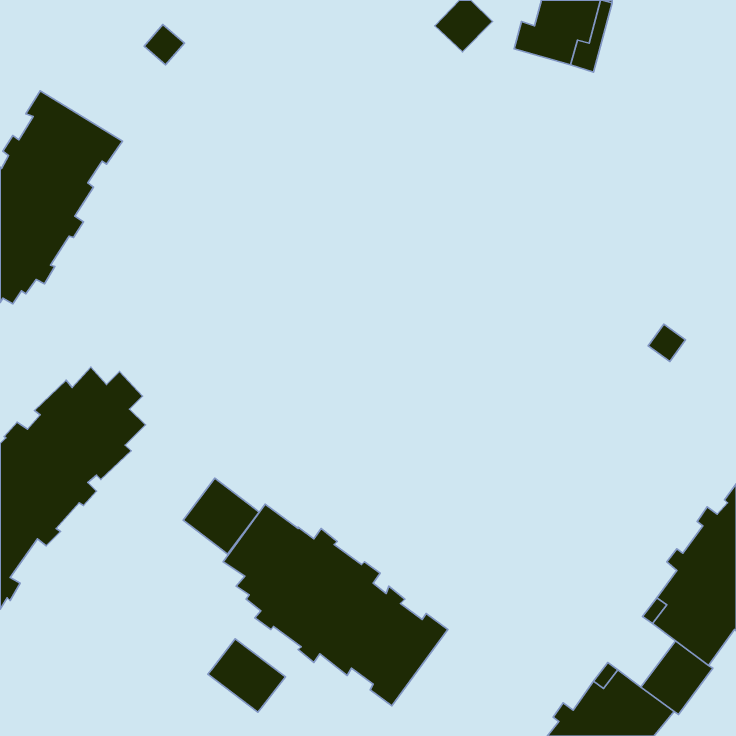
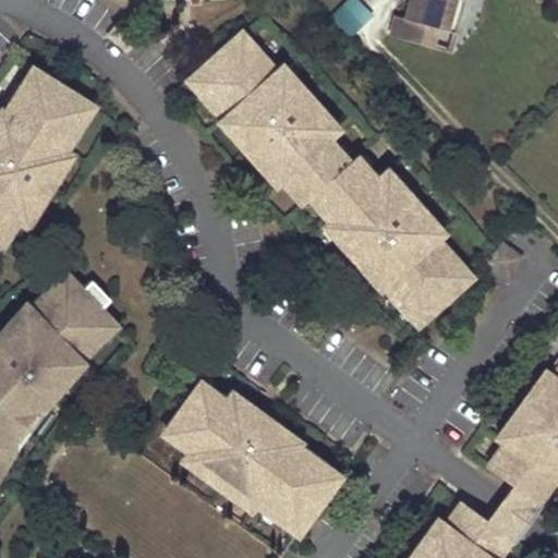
building: none -> [187,32,470,324]
building: [183,478,259,554] -> none
building: [208,639,286,712] -> none

